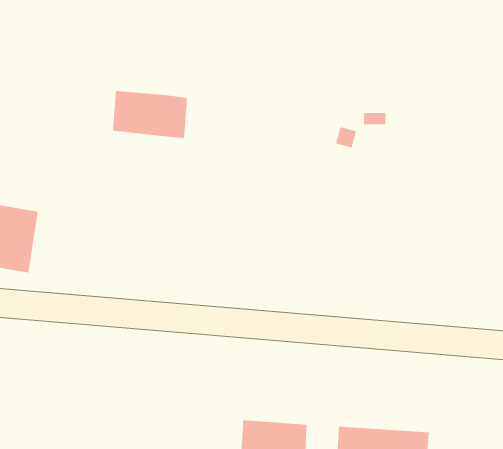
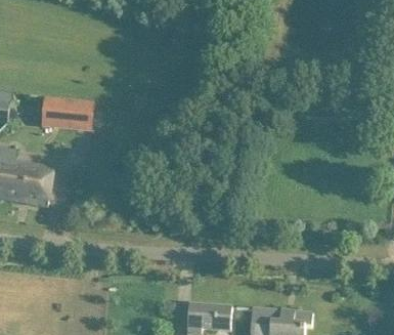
building: [112,91,188,138] -> [45,98,95,130]

